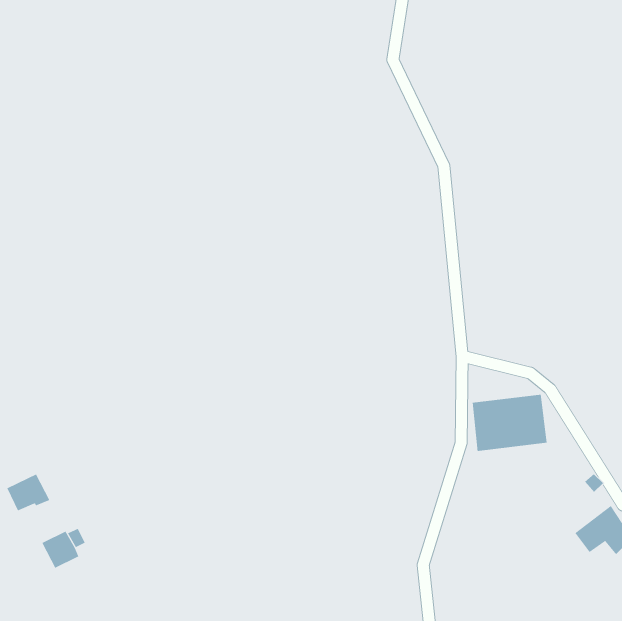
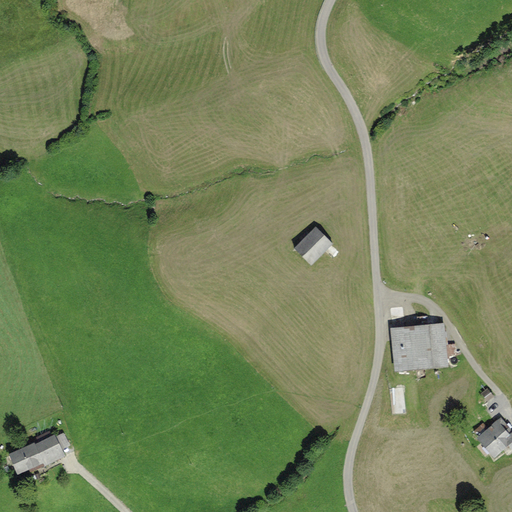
building: none -> [292,225,331,263]
building: [6,473,50,511] -> [10,444,46,475]

